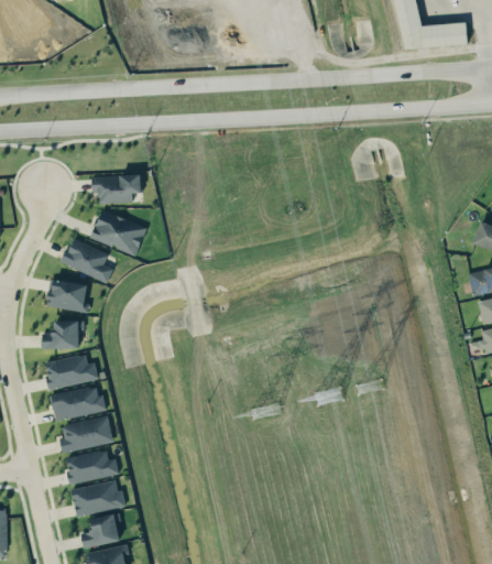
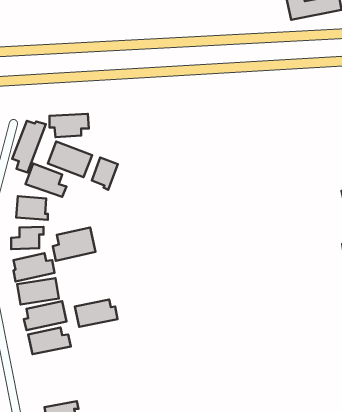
building: none -> [12,121,46,173]
building: none -> [92,158,118,190]
building: none -> [53,227,95,261]
building: [70,480,125,516] -> [75,300,118,327]
building: [80,512,120,547] -> none

